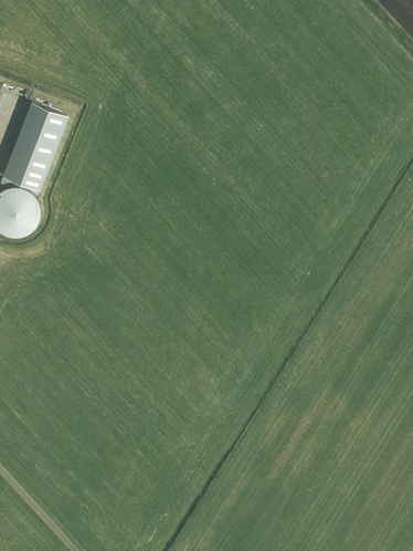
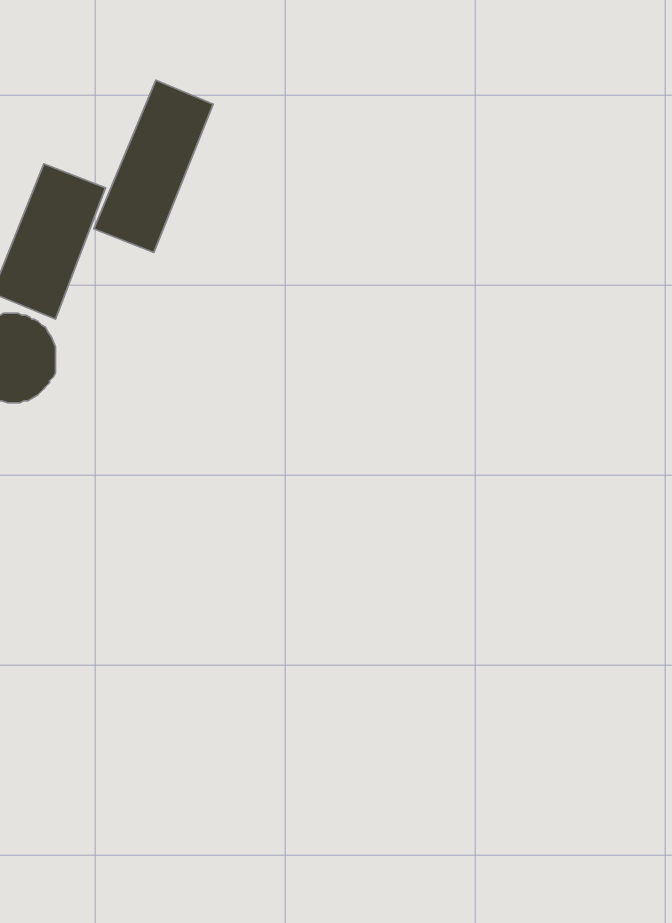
building: none -> [94,80,213,253]

